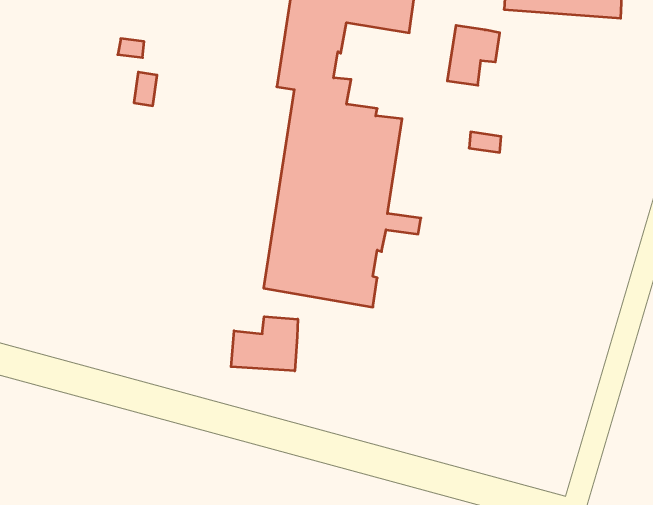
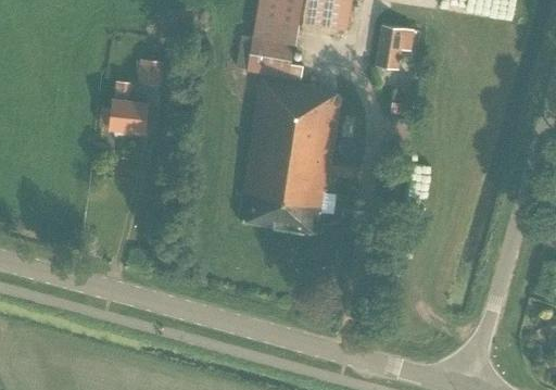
building: none -> [101,80,149,130]
building: [231,317,298,371] -> none

